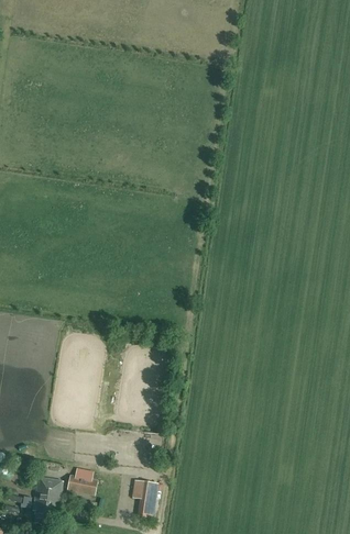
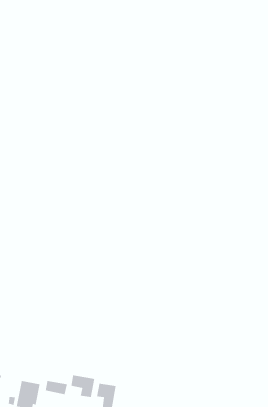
building: none -> [70,374,95,398]

